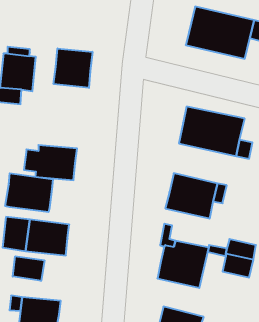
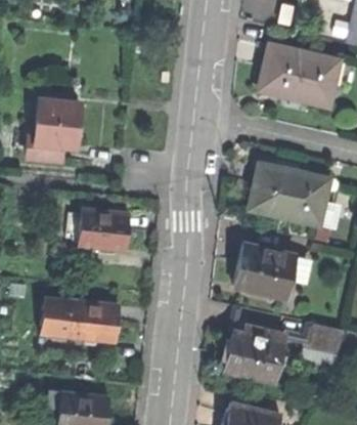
building: [54,48,92,88] -> none
building: [5,173,53,212] -> none
building: [13,256,44,281] -> none

